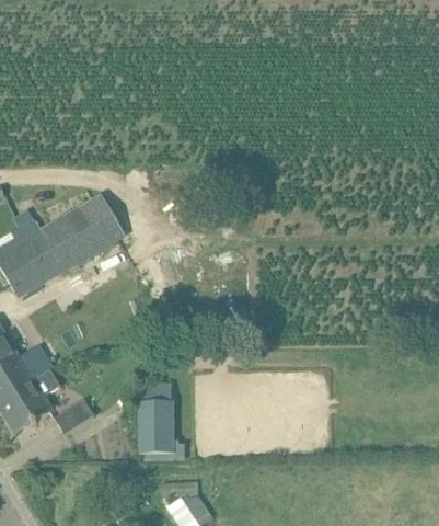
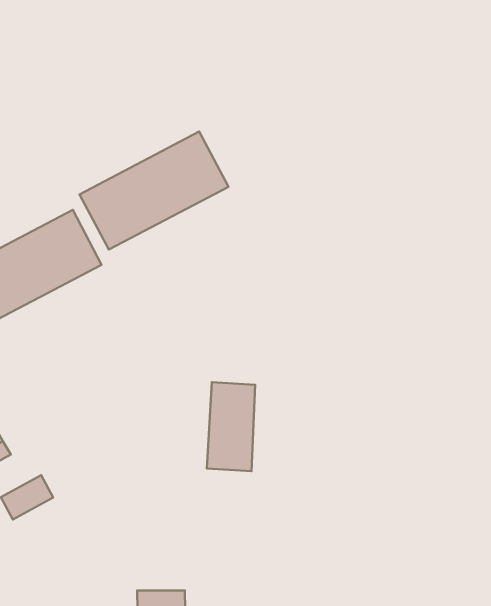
building: none -> [79,132,229,250]
building: [141,387,175,453] -> [207,382,255,471]

